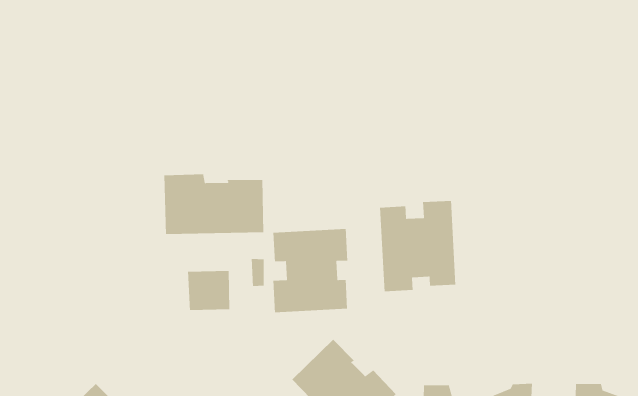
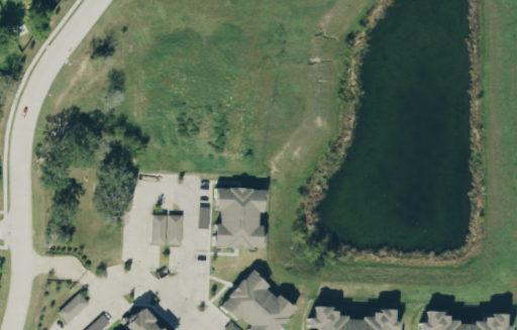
building: [164,173,264,235] -> none
building: [379,200,456,292] -> none

